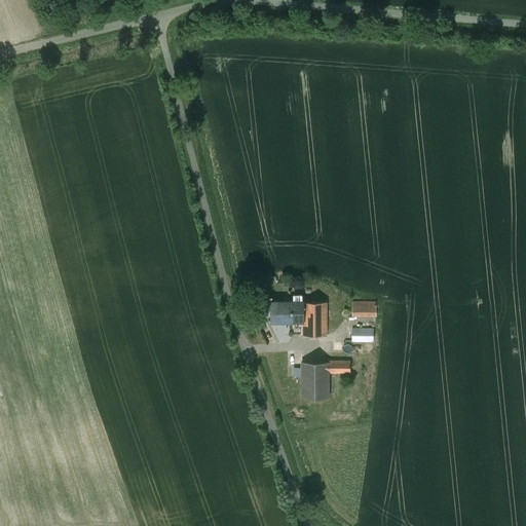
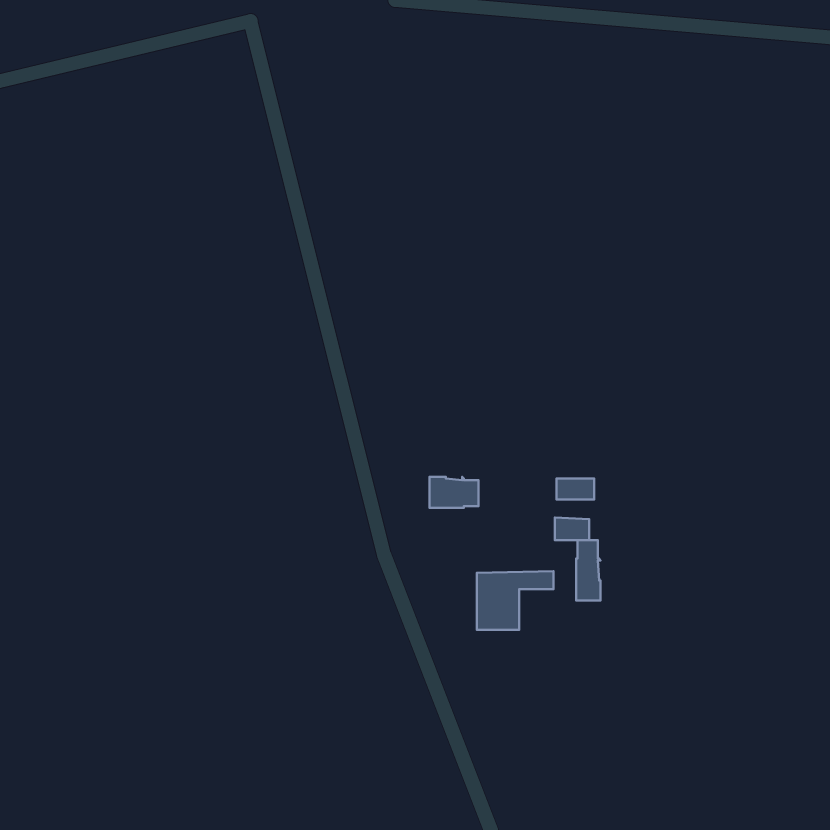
building: [302,303,326,336] -> none
building: none -> [576,540,600,601]

